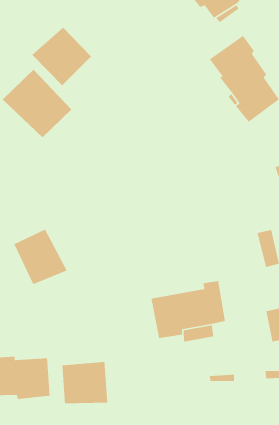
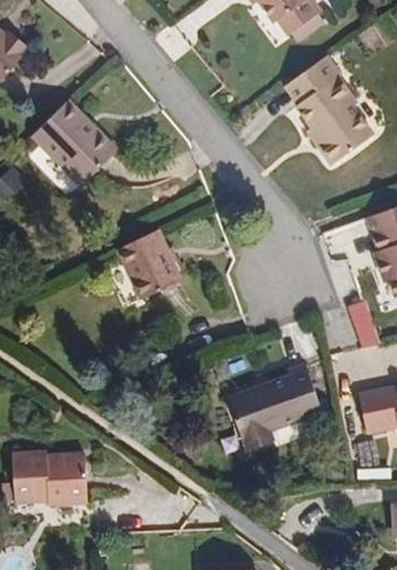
building: [32,27,92,86] -> none
building: [13,229,68,285] -> [116,230,183,301]
building: [62,361,108,404] -> none

